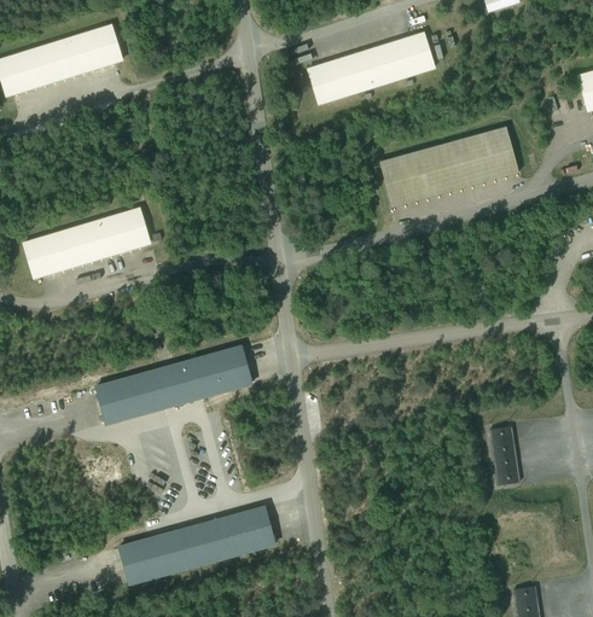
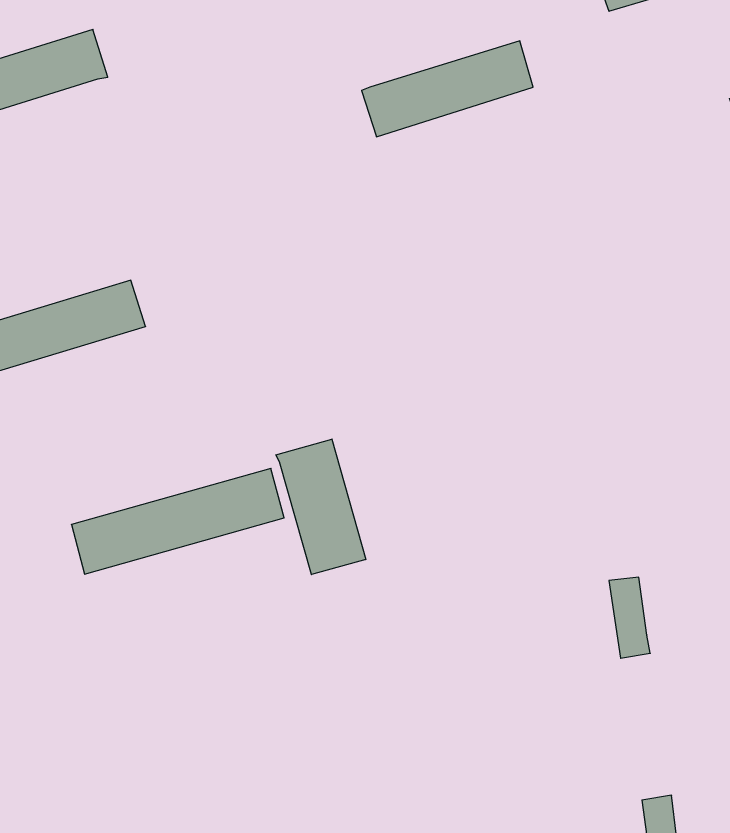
building: [379,126,518,206] -> none
building: none -> [276,439,366,575]
building: [118,506,274,583] -> none

